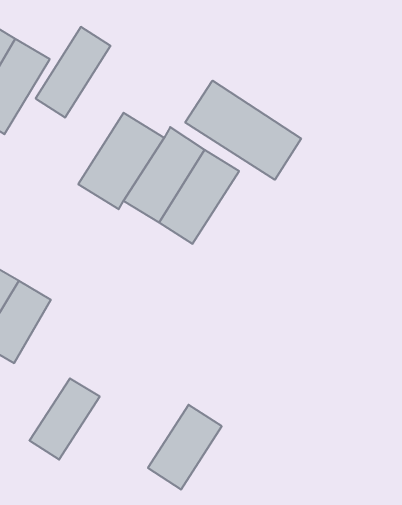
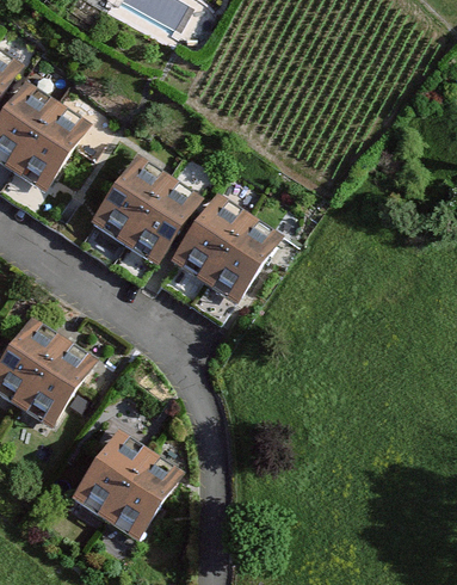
building: [36,27,111,117] -> [89,153,165,244]
building: [185,81,301,180] -> none
building: [148,405,222,489] -> [100,456,174,541]

